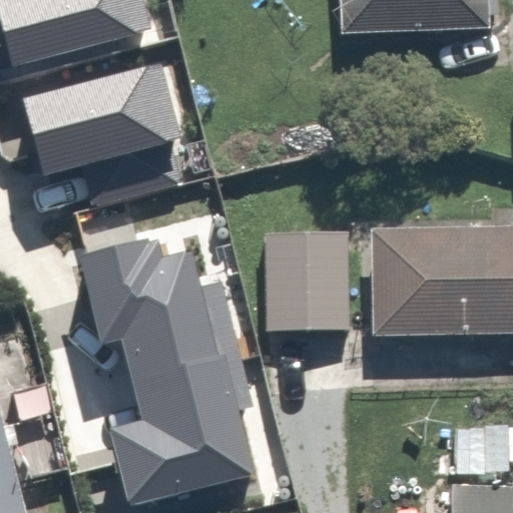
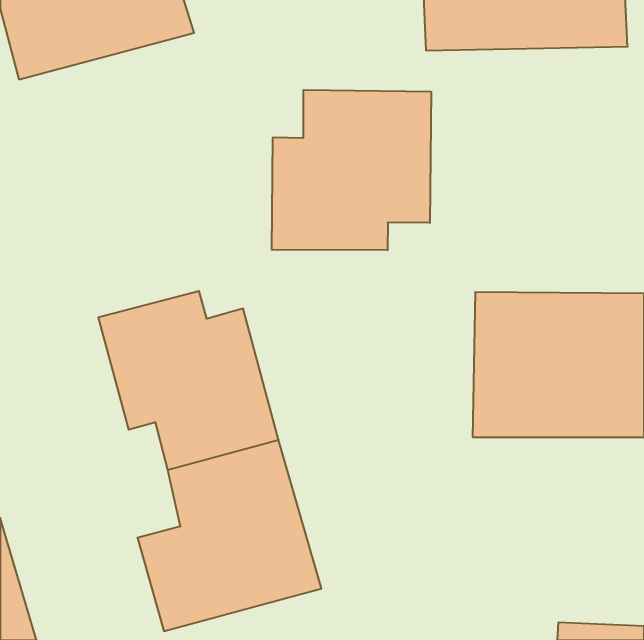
building: [24,58,182,170] -> none
building: none -> [272,90,431,250]
building: [260,233,349,337] -> none

